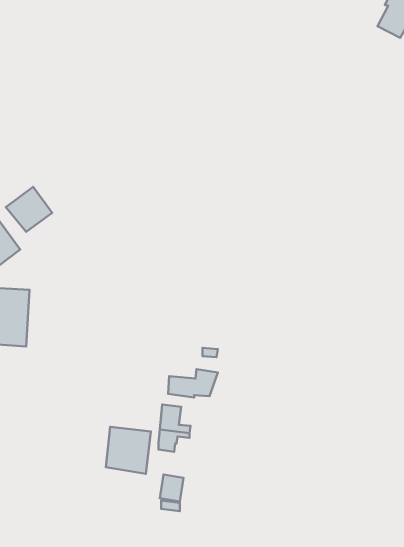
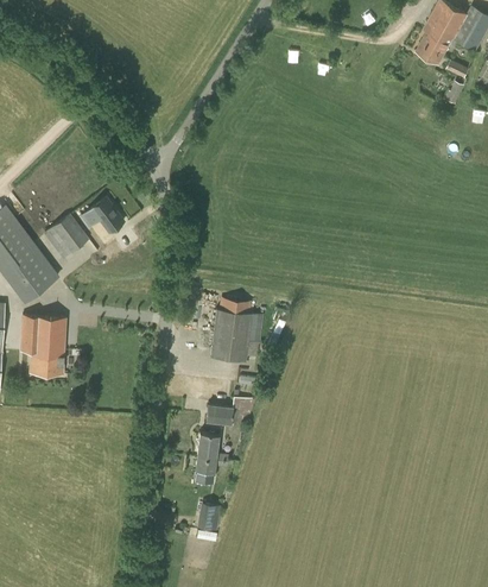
building: none -> [81,197,123,233]
building: none -> [210,297,262,362]
building: [106,427,151,474] -> none

